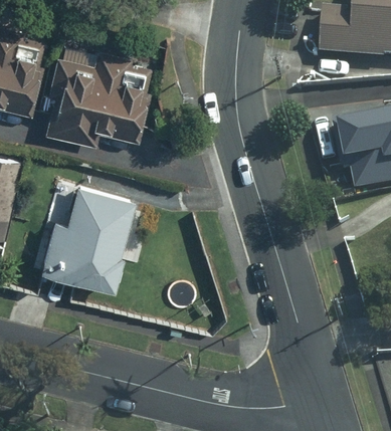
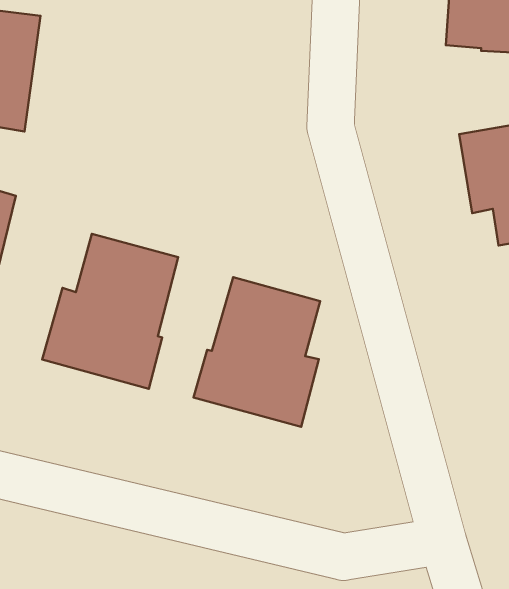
building: [51,45,145,143] -> none
building: none -> [193,277,320,427]

